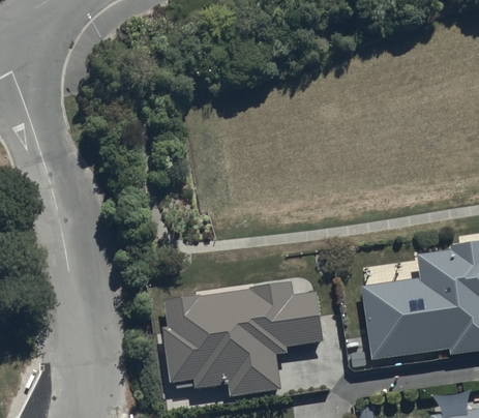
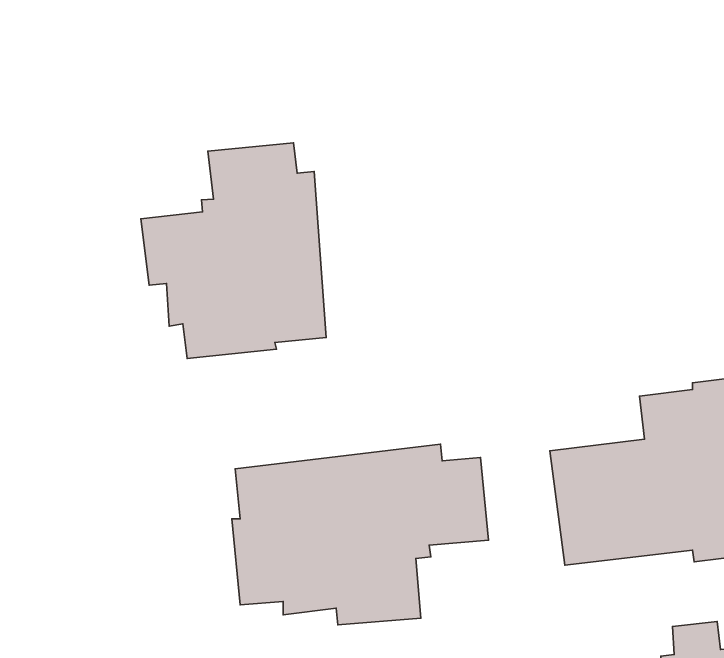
building: none -> [141,143,326,358]

